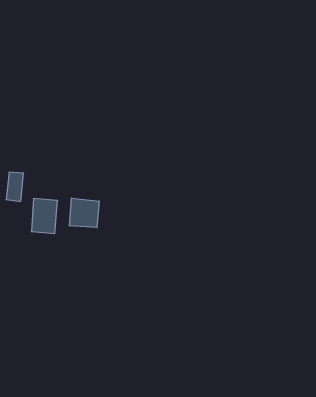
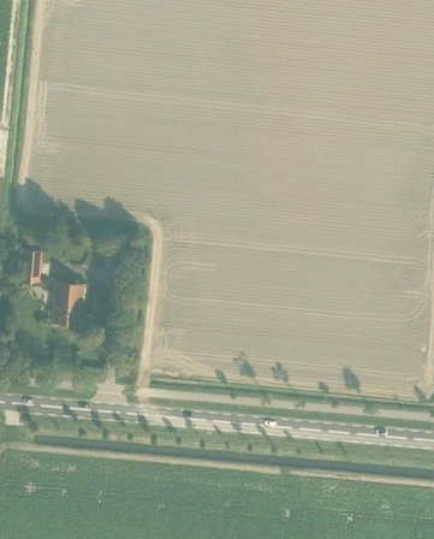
building: [69,198,99,228] -> none

